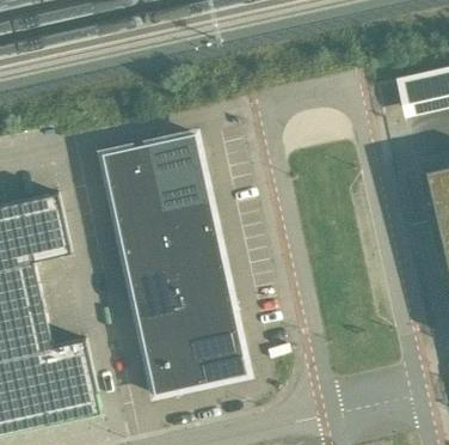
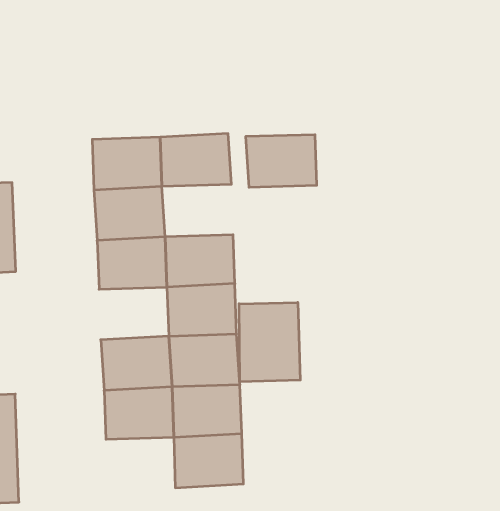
building: [156,169,211,213] -> [246,135,317,187]
building: none -> [239,302,300,382]
building: [125,248,179,292] -> none
building: [148,350,202,395] -> none

